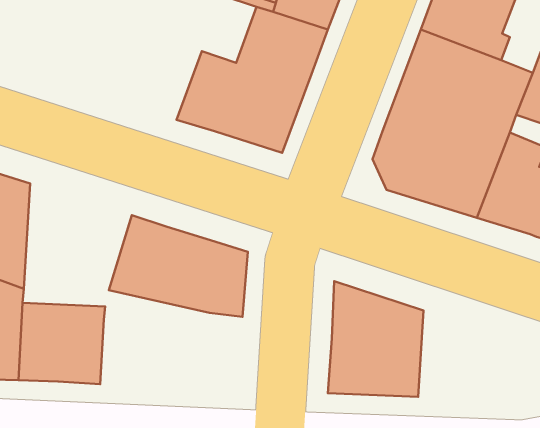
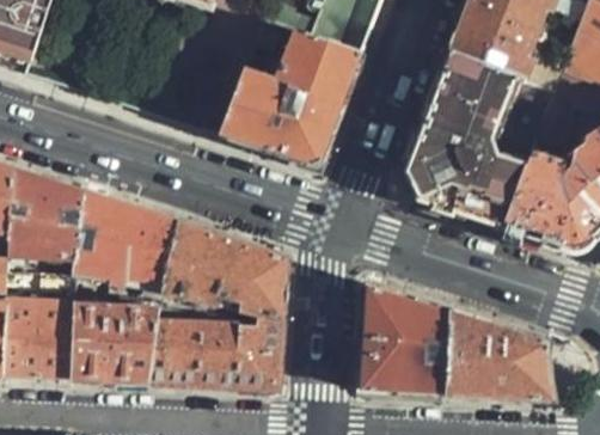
building: none -> [78,192,179,301]
building: none -> [448,312,551,399]
building: none -> [149,314,283,386]

